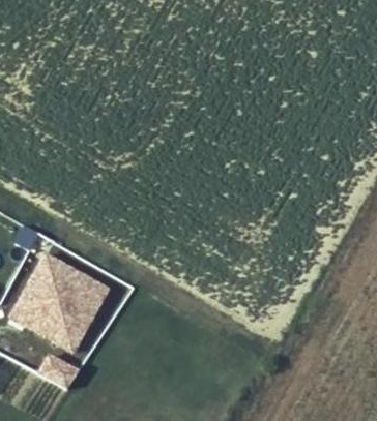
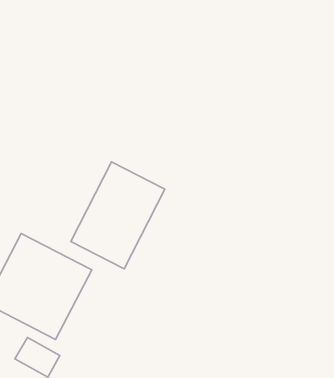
building: none -> [71,162,165,269]

